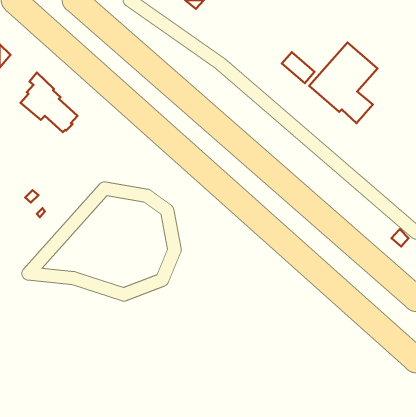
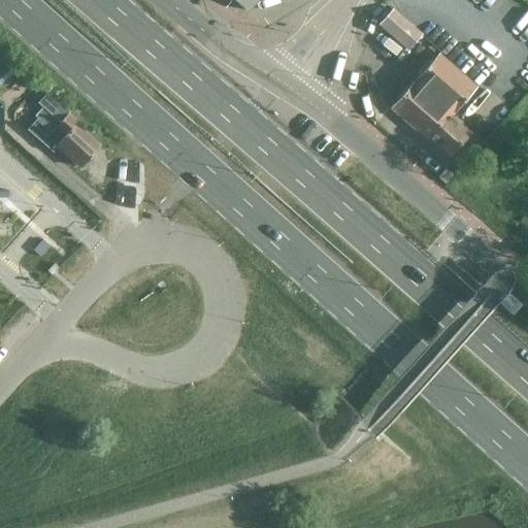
building: [282,52,315,83] -> [380,9,421,48]

